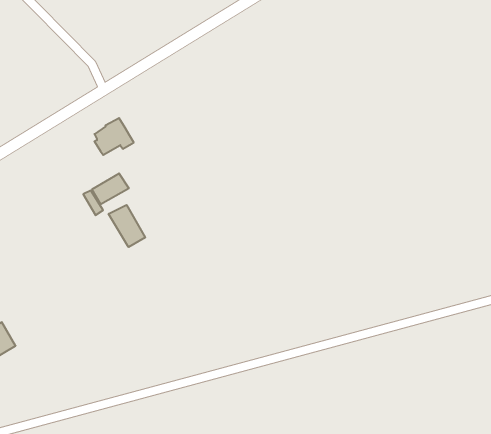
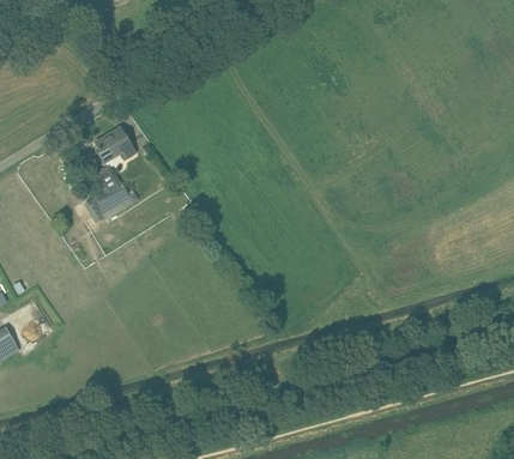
building: [109,205,145,247] -> none

